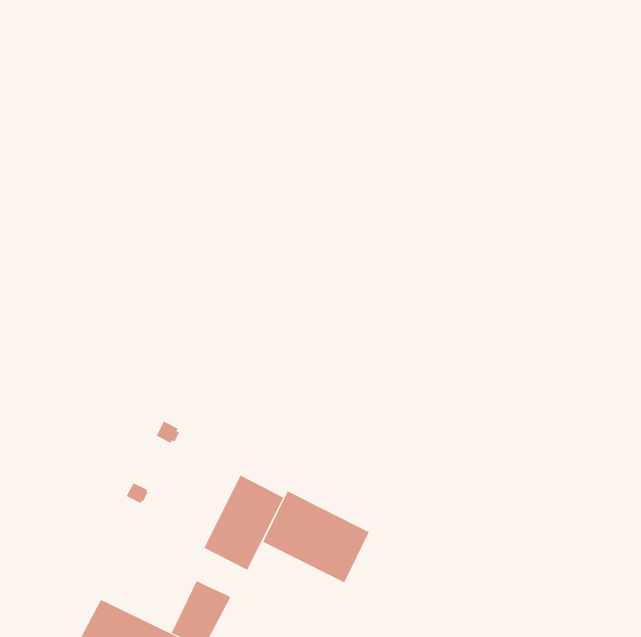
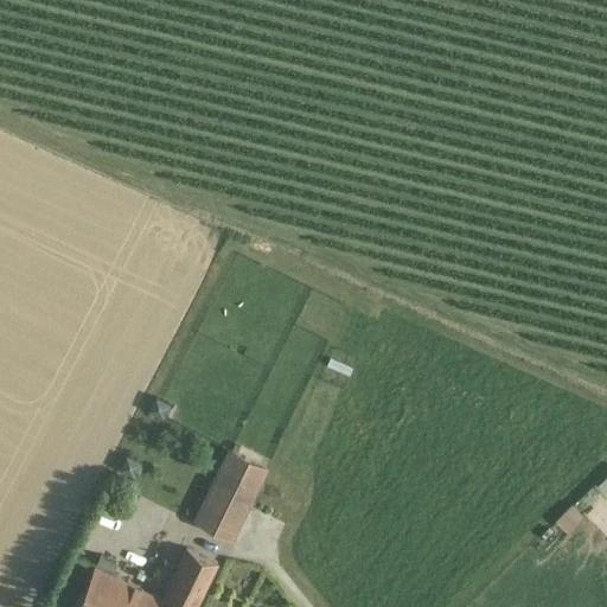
building: [262,491,370,583] -> none

